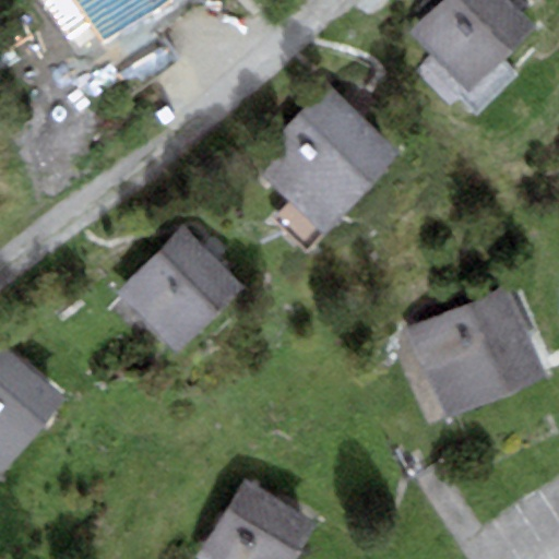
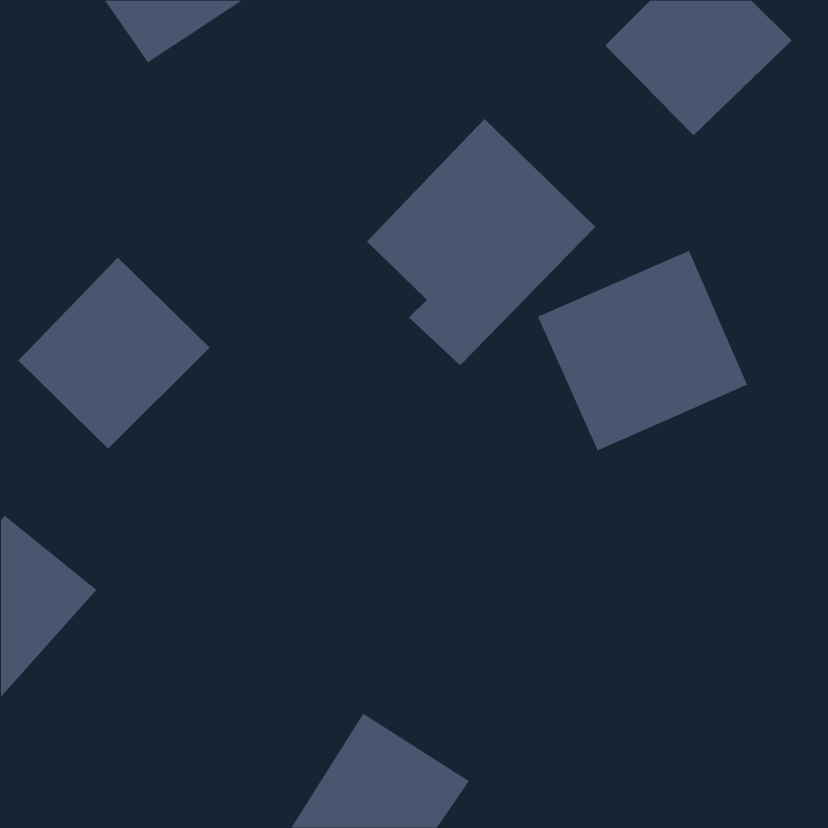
building: [114,225,243,355] -> [18,257,210,450]
building: [403,285,545,420] -> [537,250,748,451]

